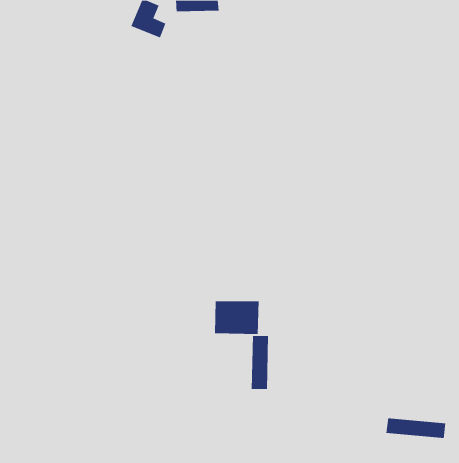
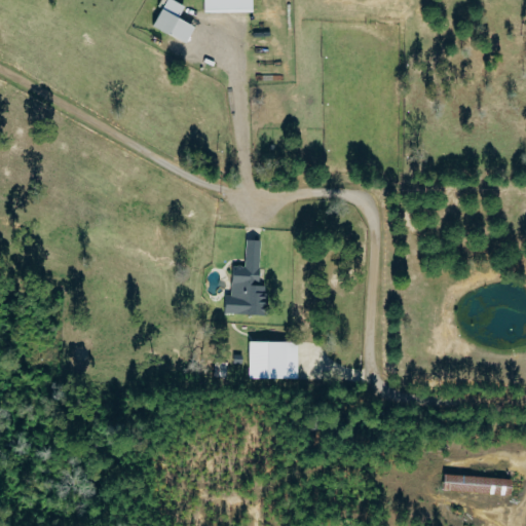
building: none -> [224,239,263,314]
building: [251,335,269,390] -> none

